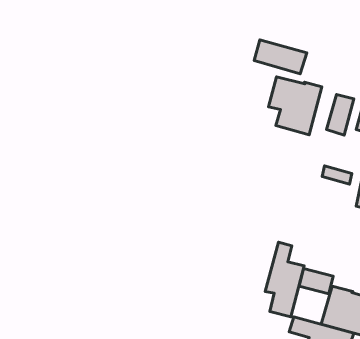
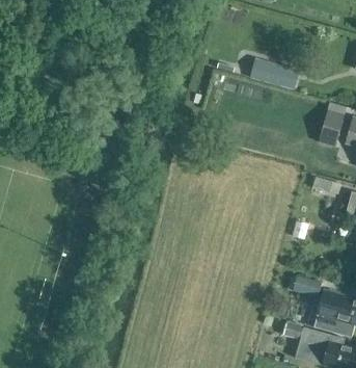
building: [268,77,322,135] -> none
building: [265,242,304,317] -> none

